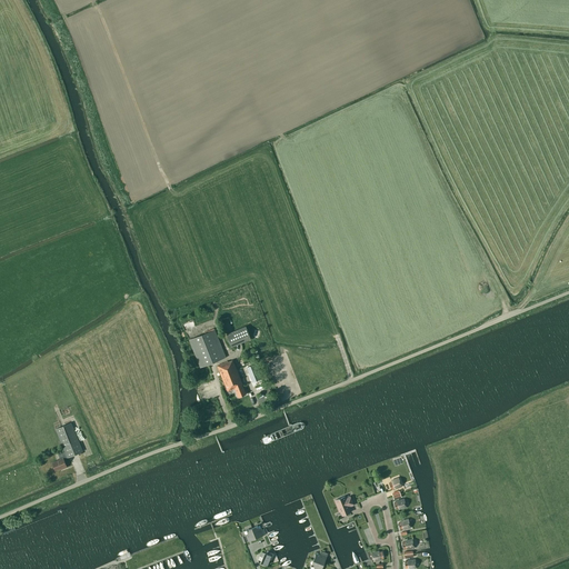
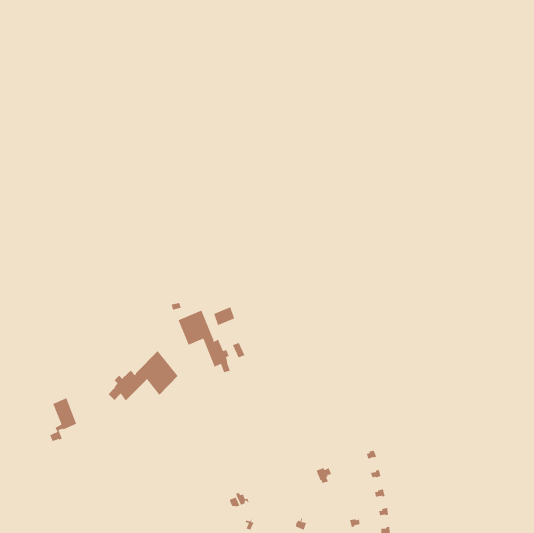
building: none -> [108,350,179,401]

